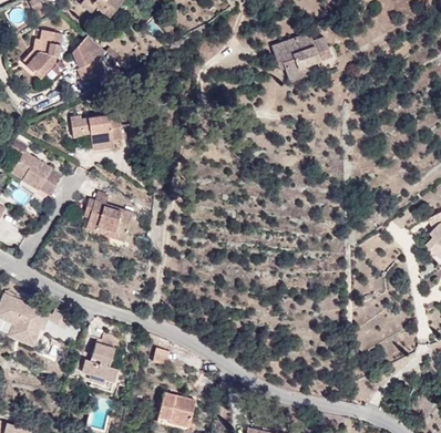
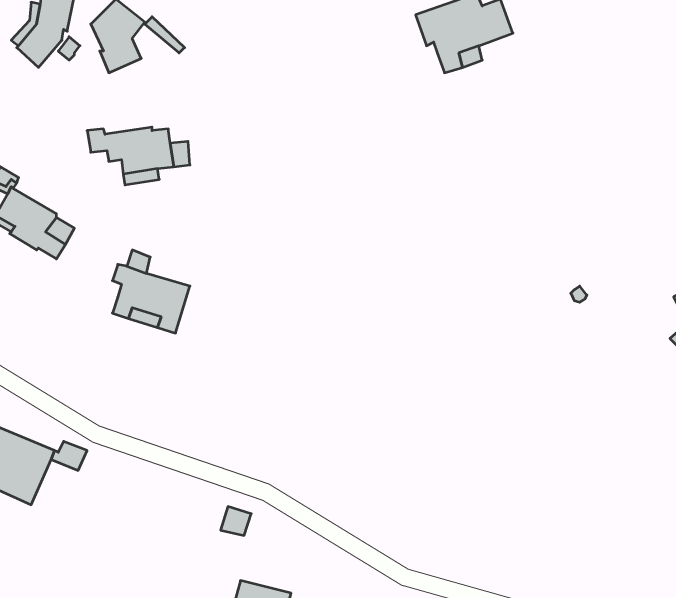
building: [82,331,120,383] -> none

